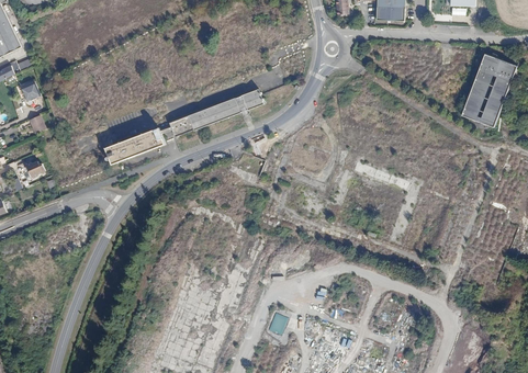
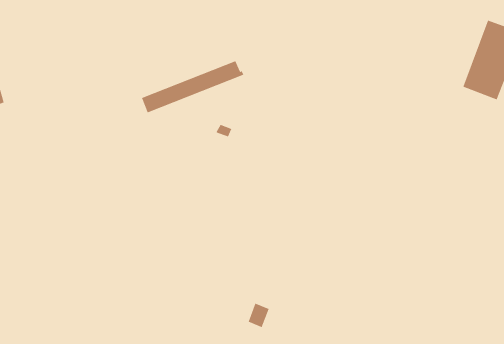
building: [103,128,161,163] -> none

